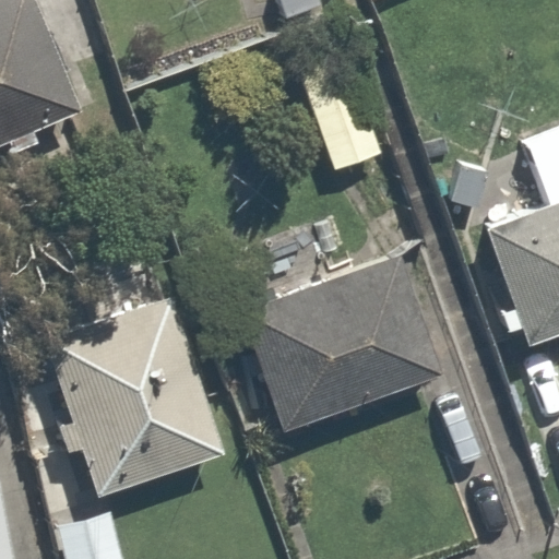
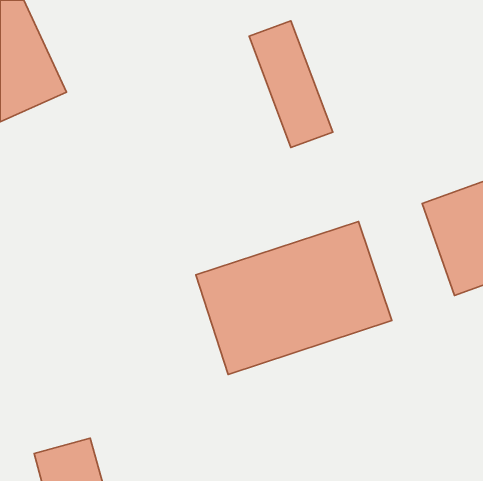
building: [36,286,225,489] -> none

